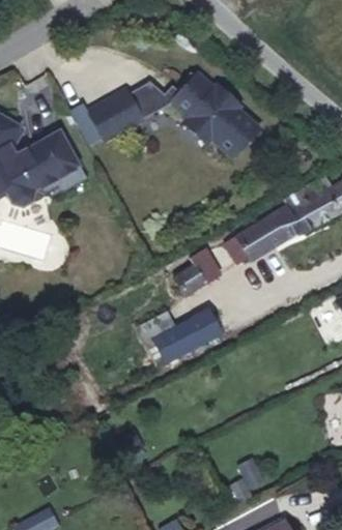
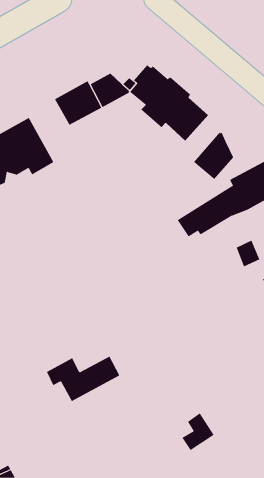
building: none -> [193,131,234,180]
building: [175,247,222,295] -> none
building: [139,311,221,361] -> [46,356,120,402]

